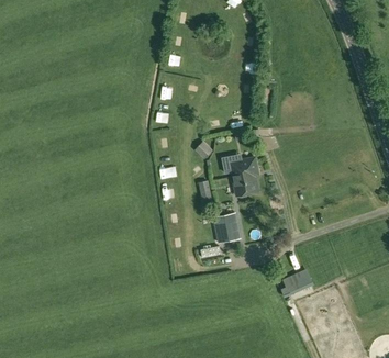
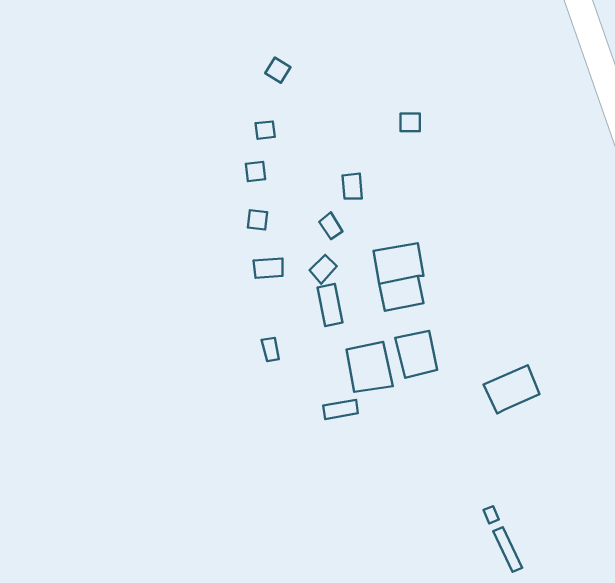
building: none -> [395,331,437,378]
building: [282,268,314,295] -> [483,365,540,413]

